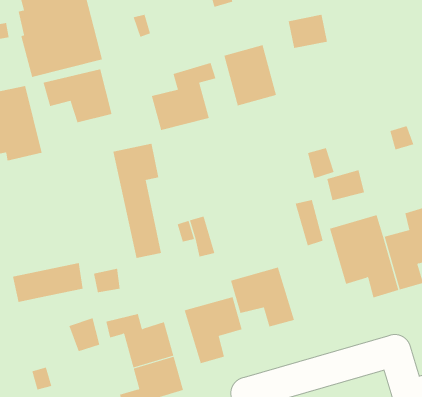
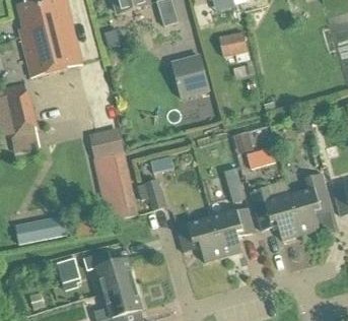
building: [151,62,216,131] -> none
building: [43,68,112,123] -> none
building: [184,297,243,364] -> [211,207,255,257]

